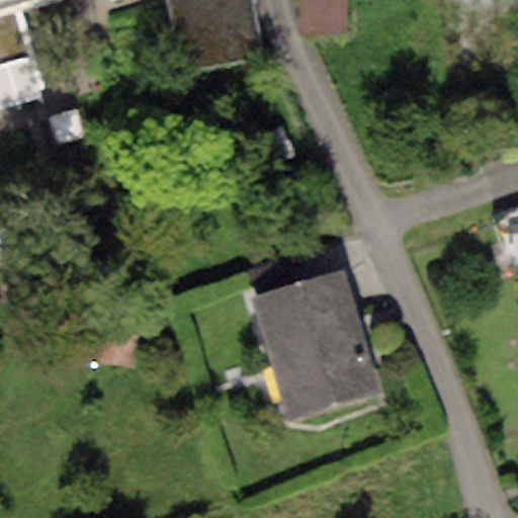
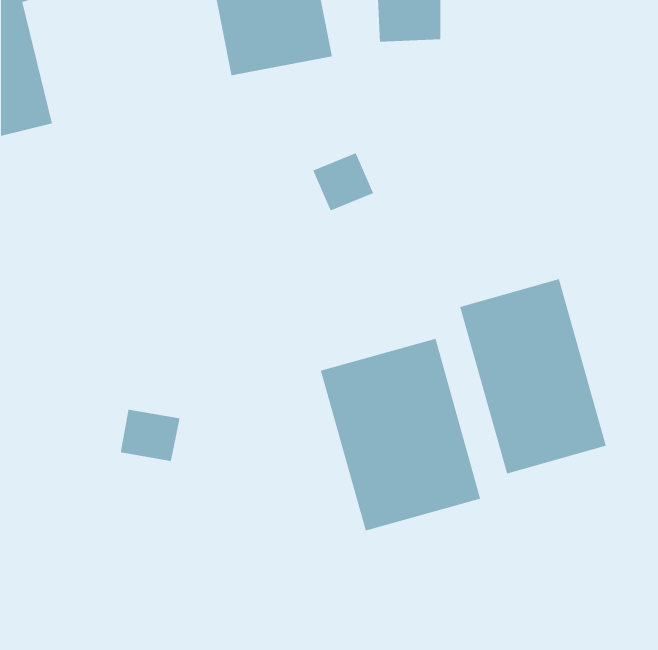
building: none -> [459,278,607,474]

